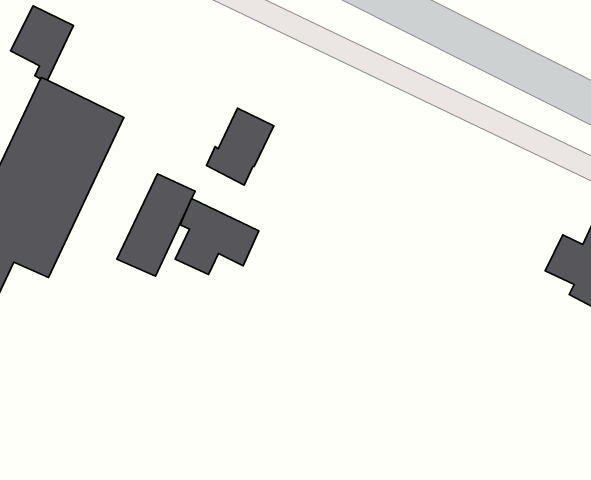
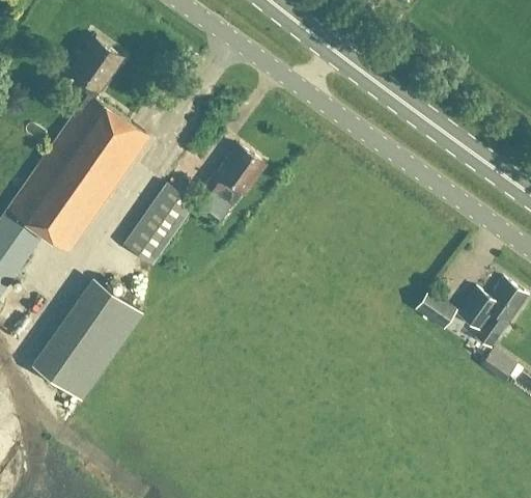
building: [175,198,259,275] -> none
building: none -> [414,294,454,331]
building: none -> [39,276,142,394]

